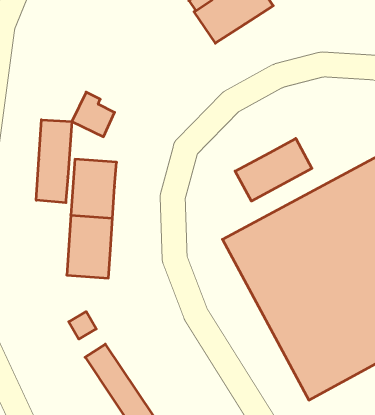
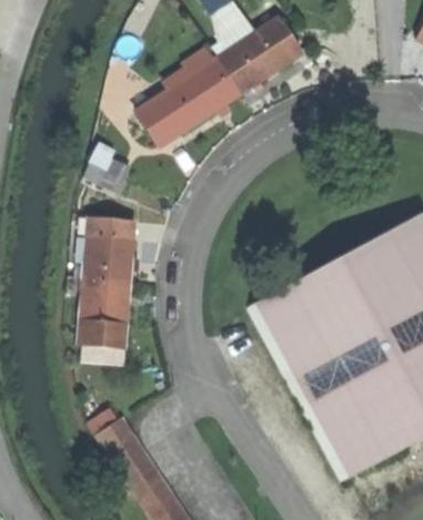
building: none -> [138,57,241,144]
building: [36,120,72,203] -> none
building: [235,138,312,201] -> none

